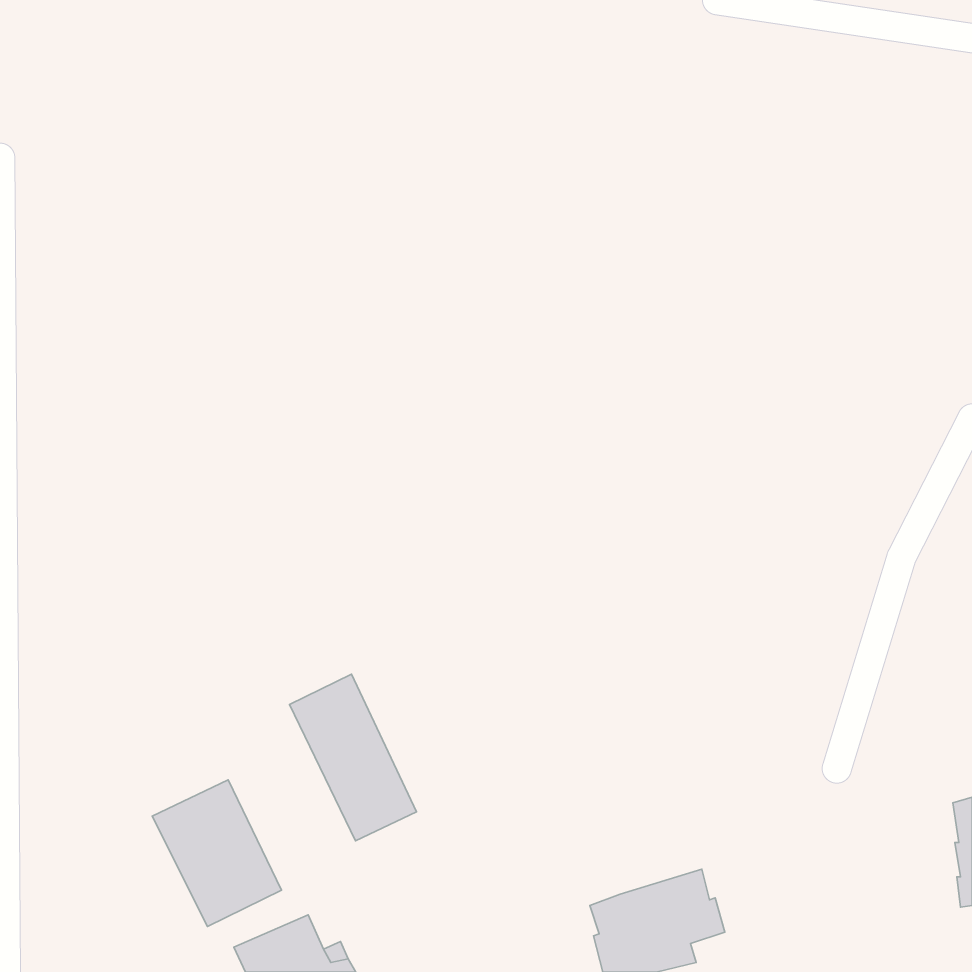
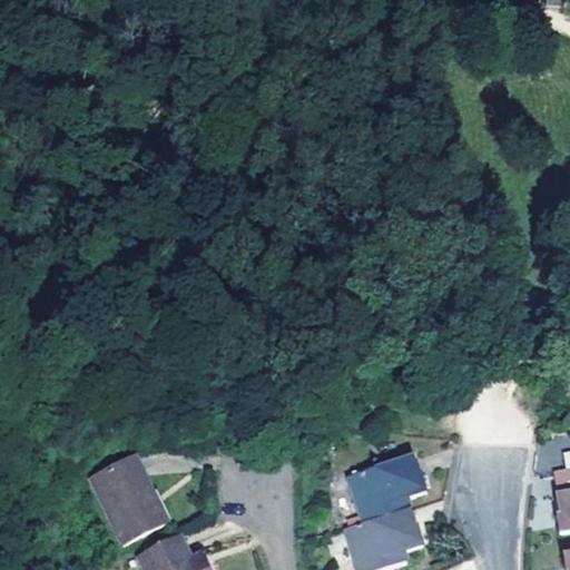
building: [290,674,416,841] -> none
building: none -> [351,455,428,523]

